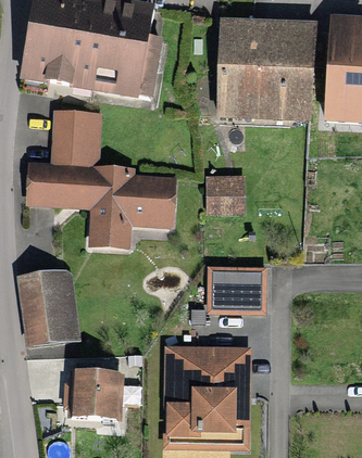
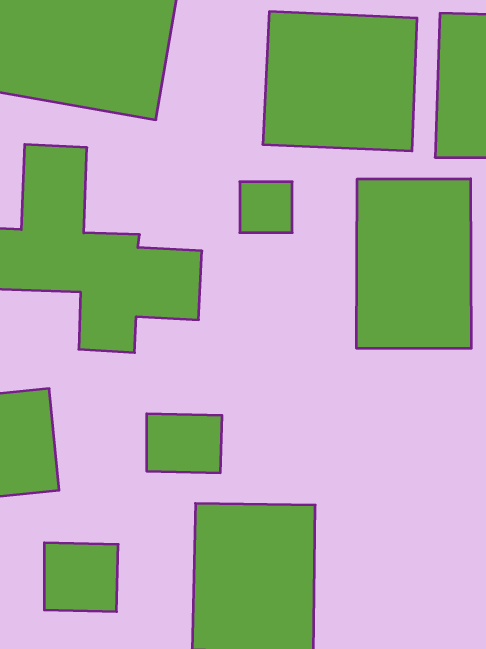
building: none -> [357,179,471,348]
building: [208,178,242,212] -> [240,182,292,233]
building: [211,270,261,309] -> [147,414,222,473]

